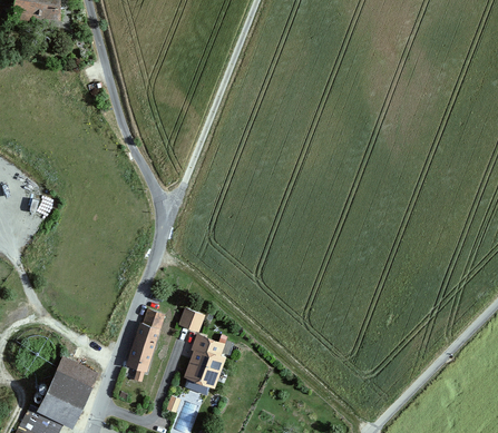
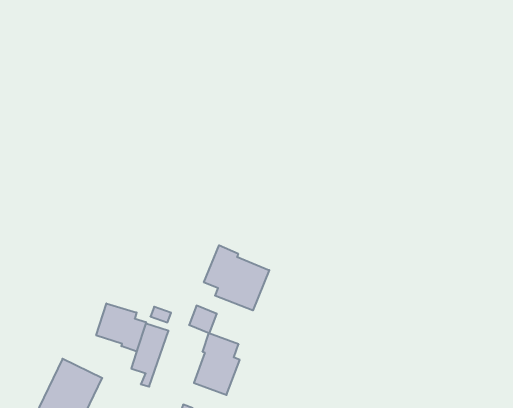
building: none -> [204,245,269,310]
building: none -> [96,303,146,352]

